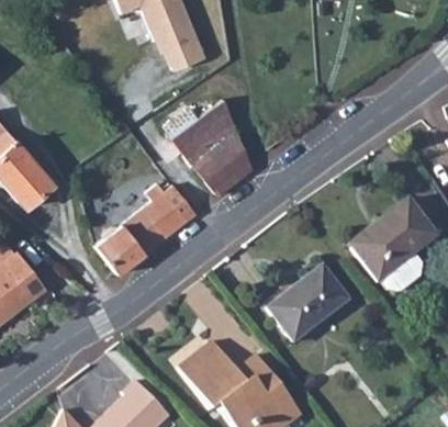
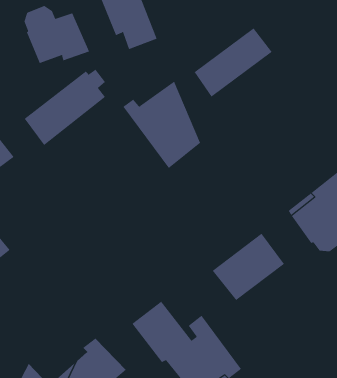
building: none -> [24,5,90,64]
building: none -> [194,28,273,97]
building: [98,190,188,274] -> [24,69,106,146]

